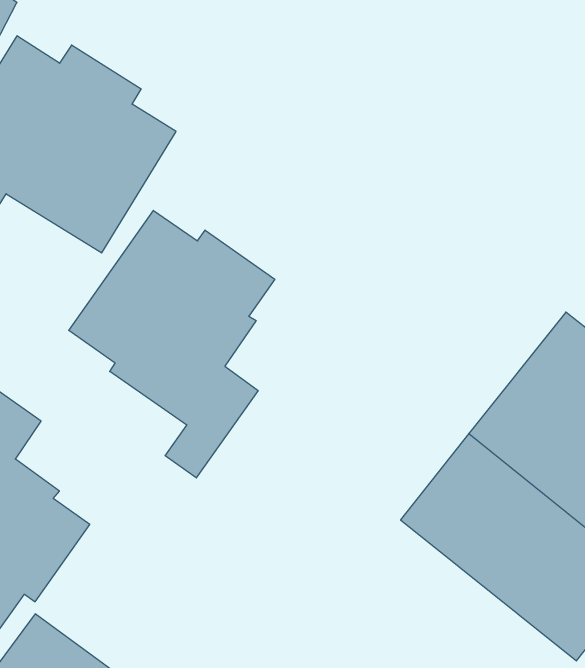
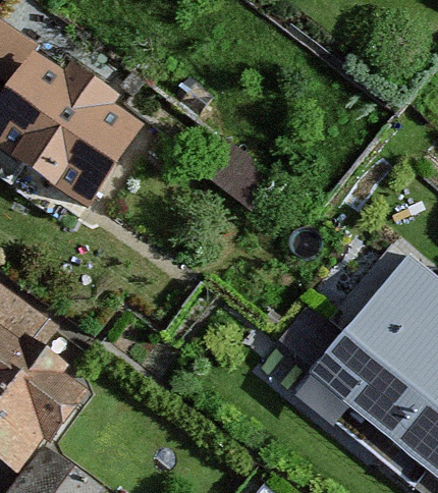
building: [69,210,275,478] -> none

